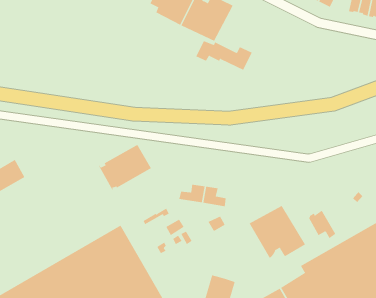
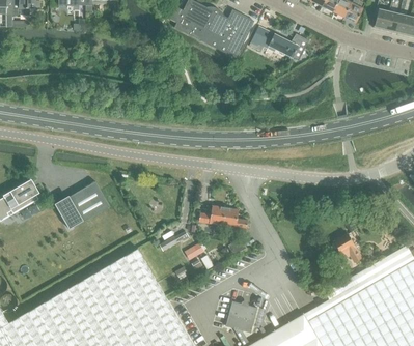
building: [196,40,252,70] -> [249,31,308,62]
building: [98,144,152,190] -> [54,182,110,230]
building: [249,205,306,258] -> none

